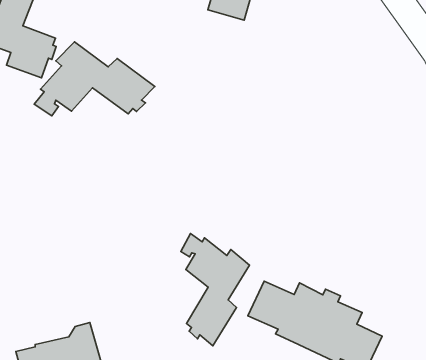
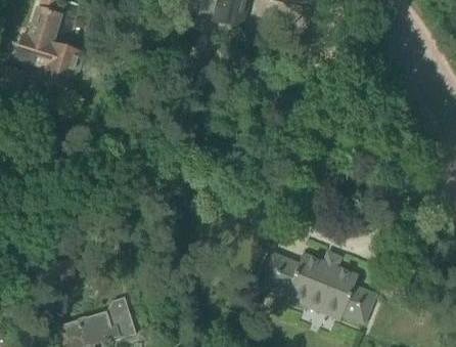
building: [34,42,155,116] -> none
building: [181,234,249,346] -> none

